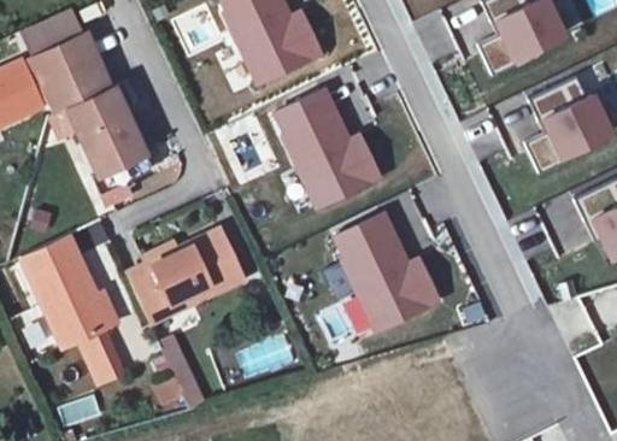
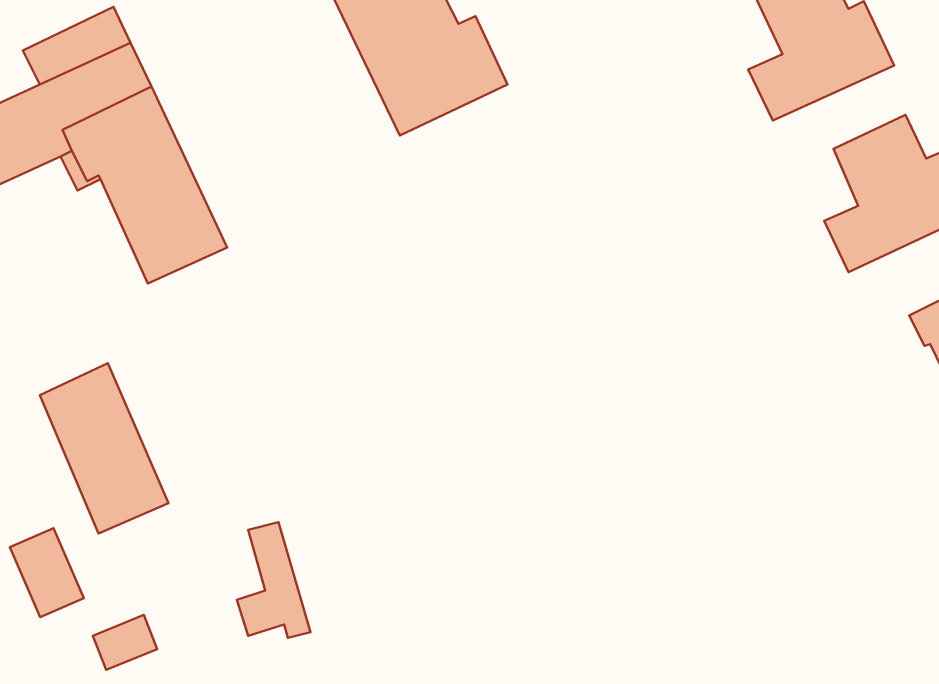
building: [269,90,382,212] -> none
building: [331,206,445,328] -> none
building: [129,228,242,321] -> none
building: [76,324,123,381] -> [10,528,84,617]

